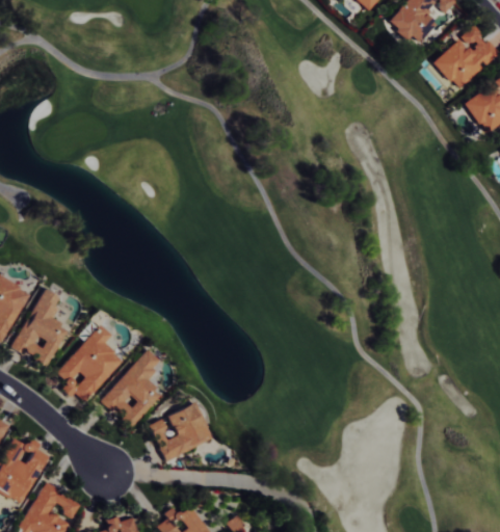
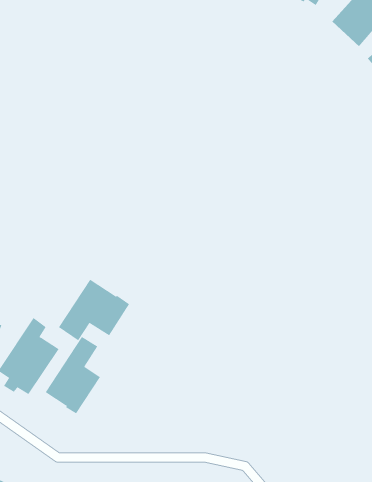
building: none -> [58,279,130,341]
building: [149,402,209,459] -> none

